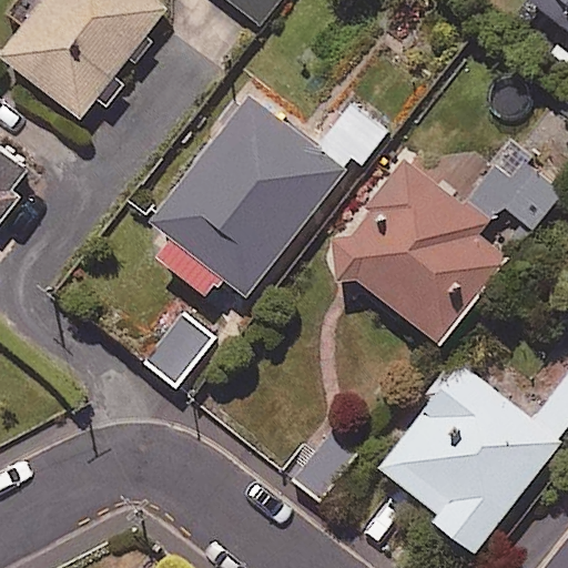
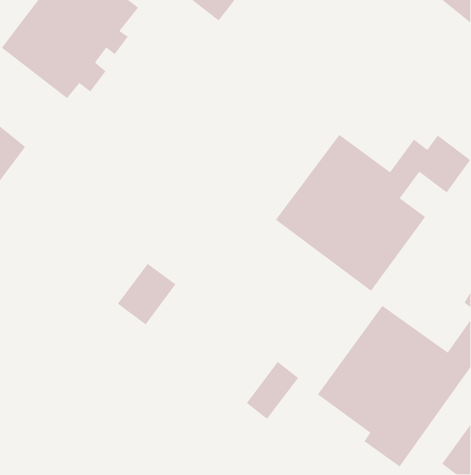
building: [135,93,385,296] -> none

